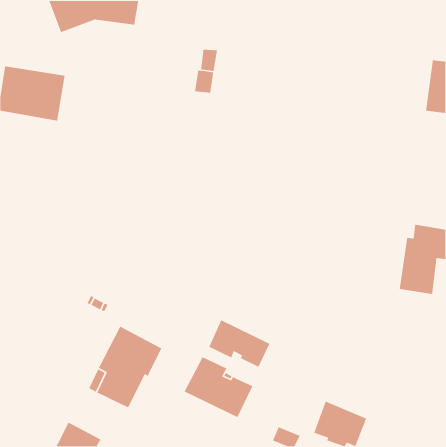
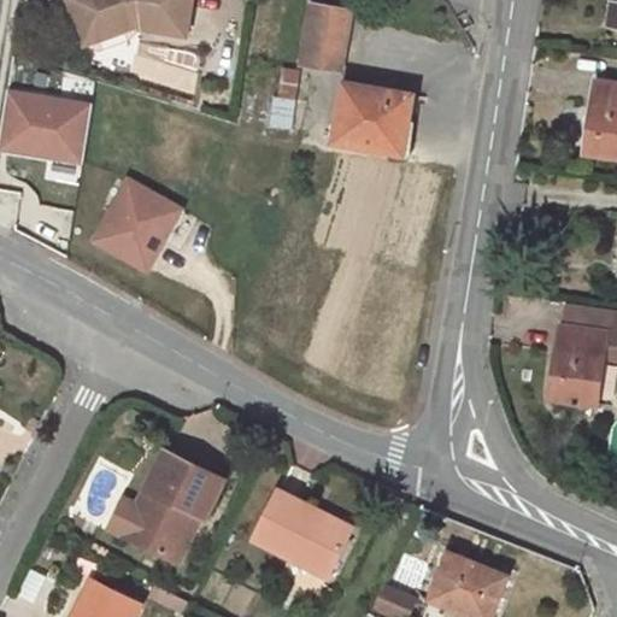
building: none -> [301,5,351,71]
building: none -> [334,83,412,153]
building: none -> [88,175,183,274]
building: [208,319,271,368] -> none

